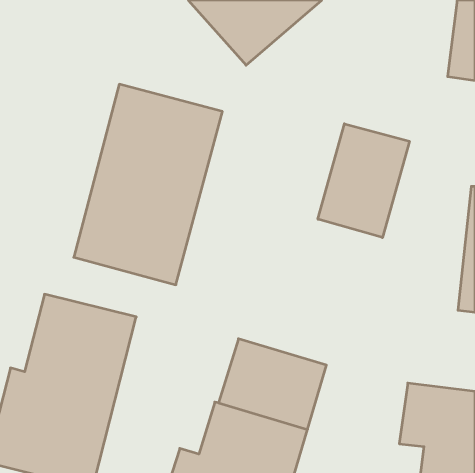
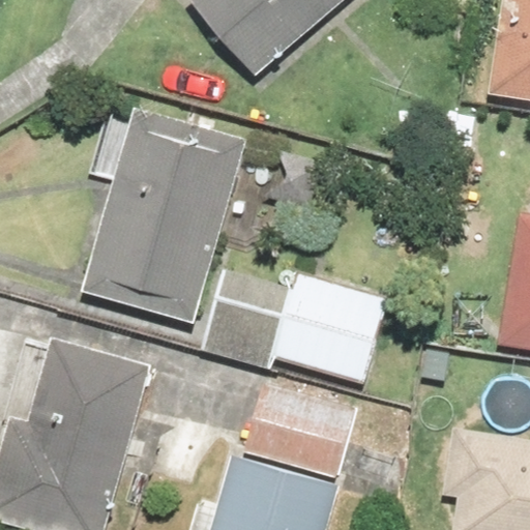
building: [318,124,409,238] -> none
building: none -> [200,270,391,389]

